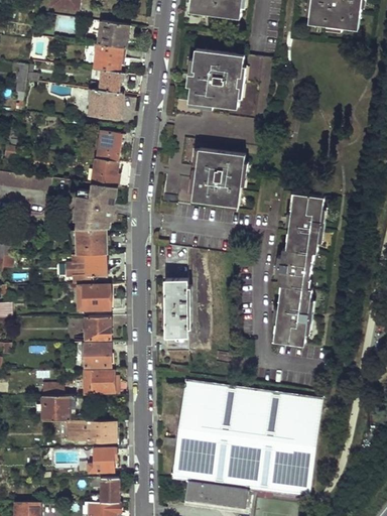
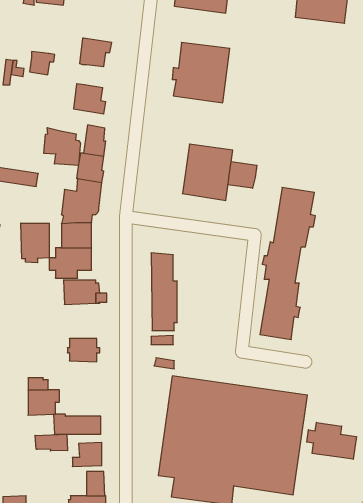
building: [97,21,126,48] -> none
building: [98,71,123,94] -> [30,52,55,75]
building: none -> [44,128,81,165]
building: none -> [228,162,257,188]
building: none -> [21,223,49,263]
building: [84,316,110,341] -> none
building: [82,370,116,396] -> none
building: none -> [307,422,356,459]
building: none -> [35,434,67,451]

